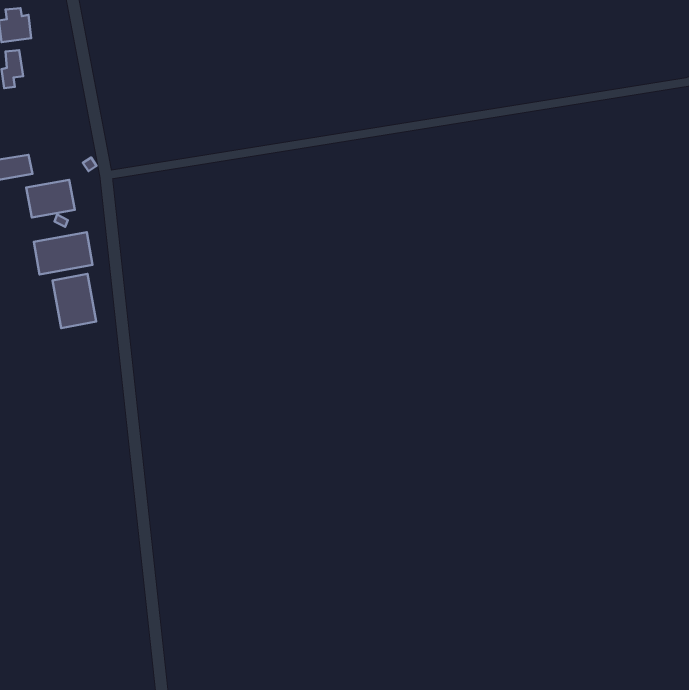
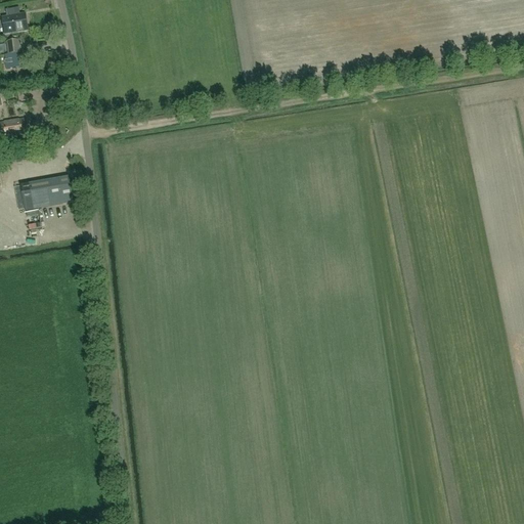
building: [26,180,75,217] -> none
building: [53,274,96,328] -> none

